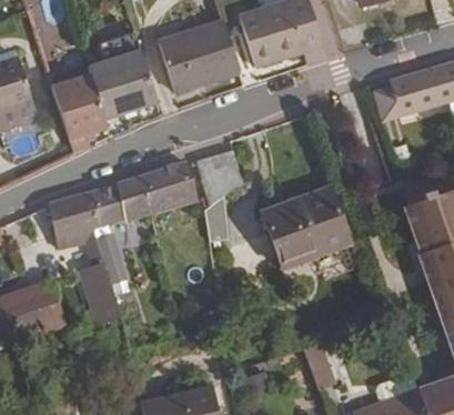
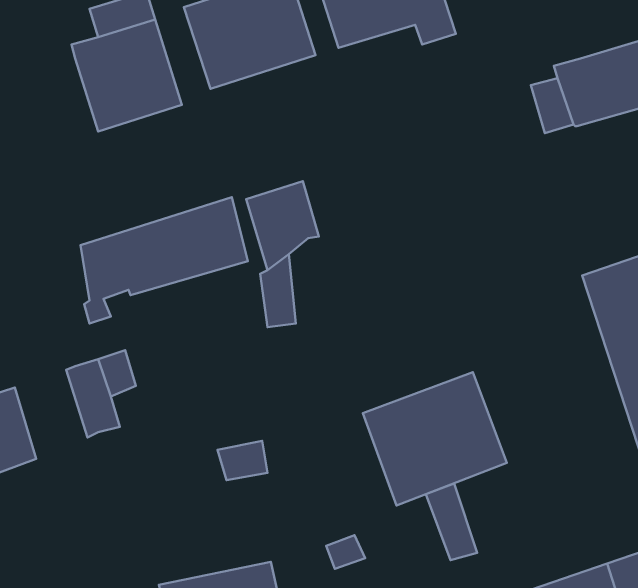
building: [51,74,108,141] -> none
building: [261,186,351,270] -> [363,372,507,506]
building: [50,191,99,237] -> none

